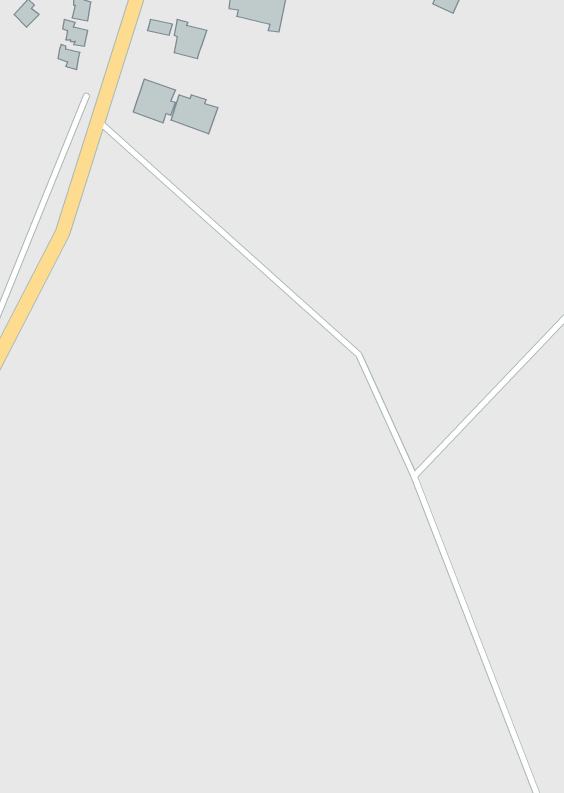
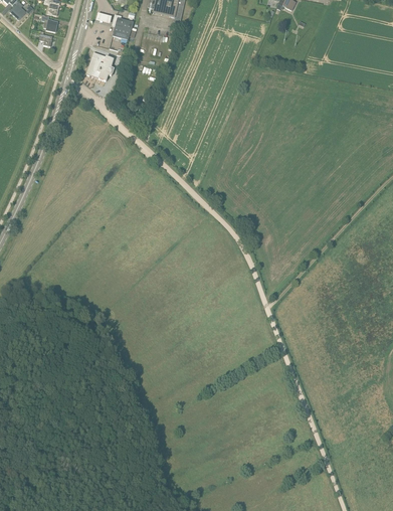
building: [171,95,218,134] -> none

